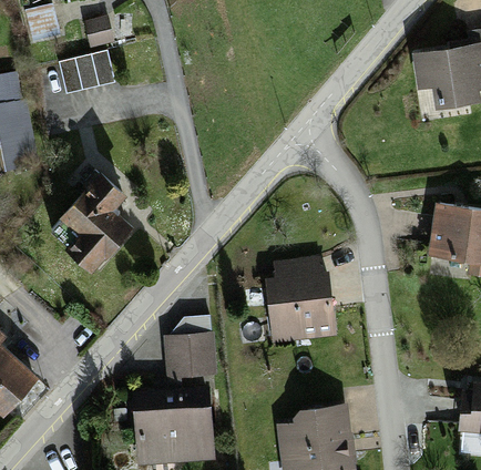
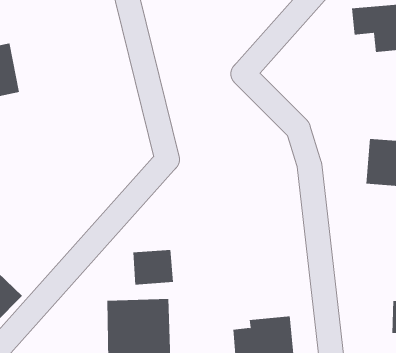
building: [61,51,110,86] -> none
building: [53,174,133,266] -> none
building: [270,262,332,337] -> none

